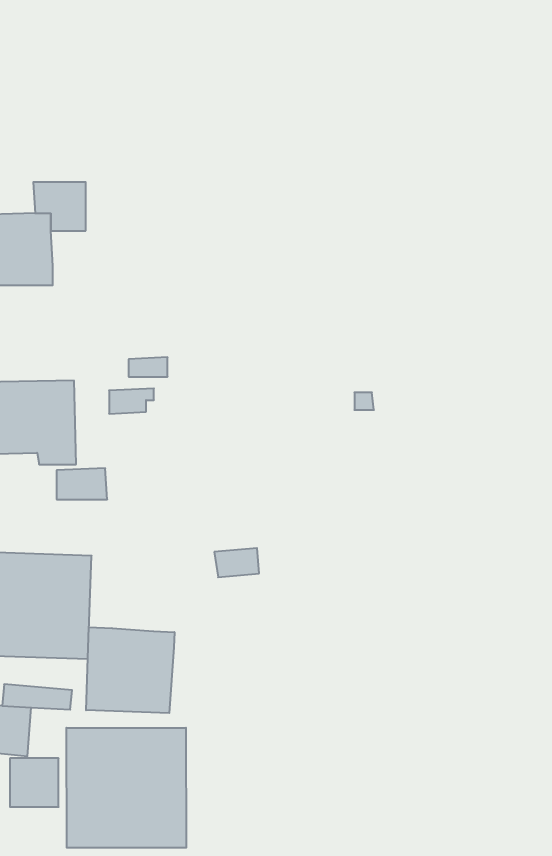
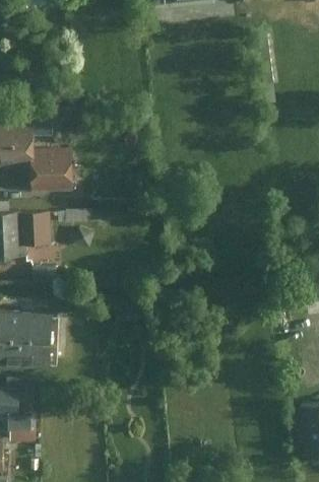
building: none -> [35,158,73,192]
building: [86,627,174,713] -> none
building: [66,728,186,848] -> none

